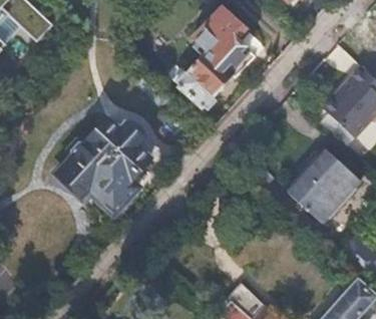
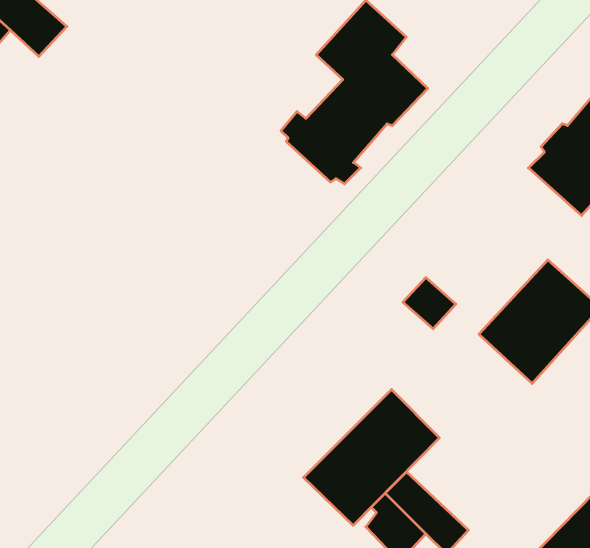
building: [54,113,149,209] -> none
building: none -> [303,389,439,525]

